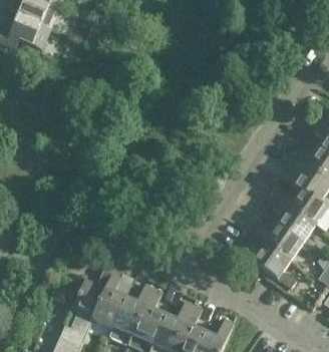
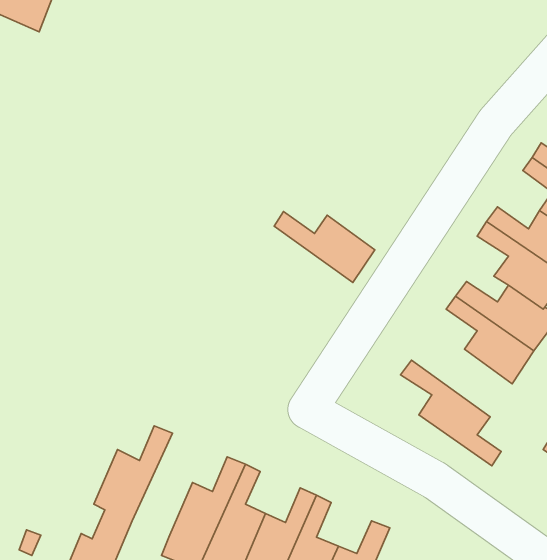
building: [247,223,302,262] -> [274,211,375,283]
building: [93,271,126,328] -> none

